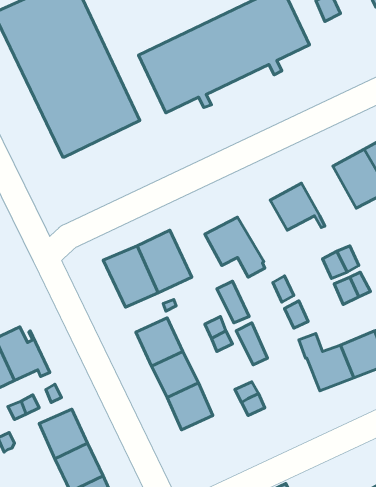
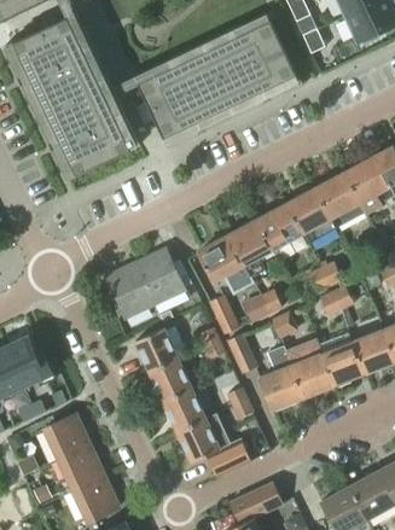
building: none -> [287,188,338,244]
building: none -> [228,220,274,276]
building: none -> [260,346,304,408]
building: none -> [176,414,250,478]

